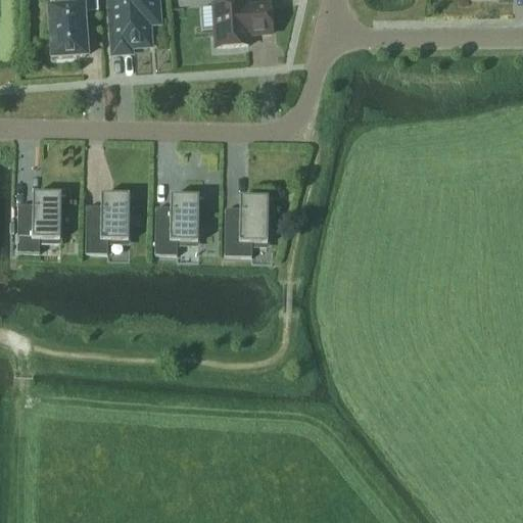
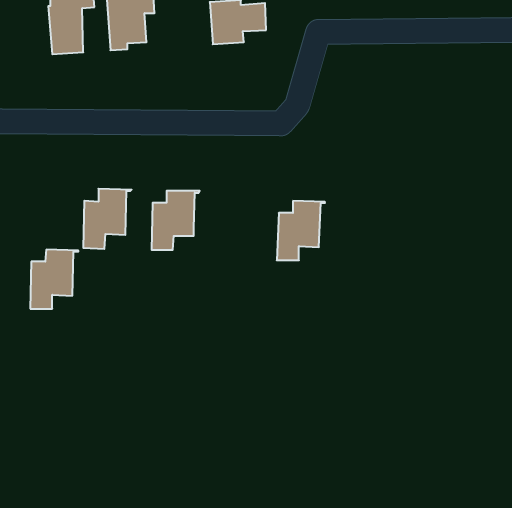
building: [17,191,66,251] -> [30,250,78,309]
building: [224,195,273,255] -> [277,201,325,260]

